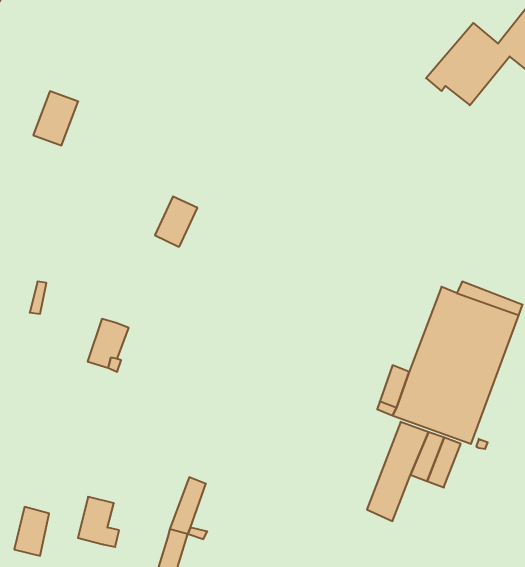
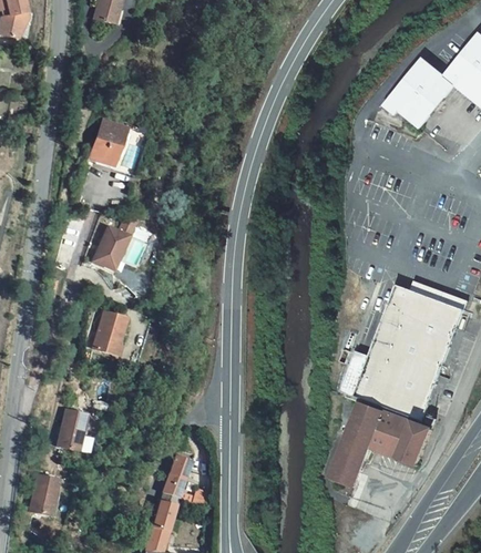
building: [33,91,78,145] -> [89,120,127,166]
building: [155,196,197,247] -> [94,227,131,270]
building: none -> [399,419,433,464]
building: [78,497,119,547] -> [57,409,92,452]

